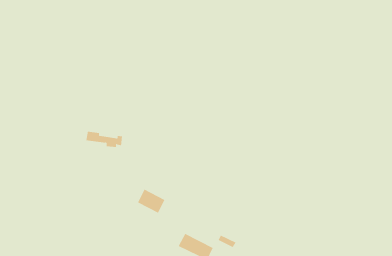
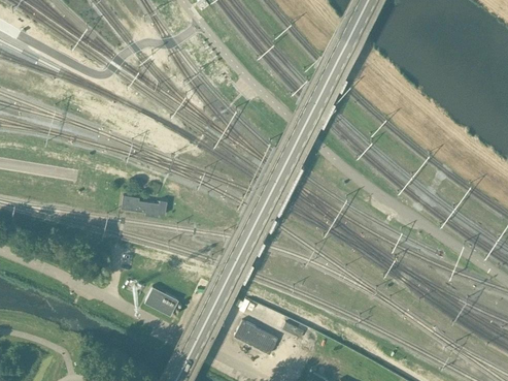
building: [137,189,165,214] -> [145,286,179,316]

